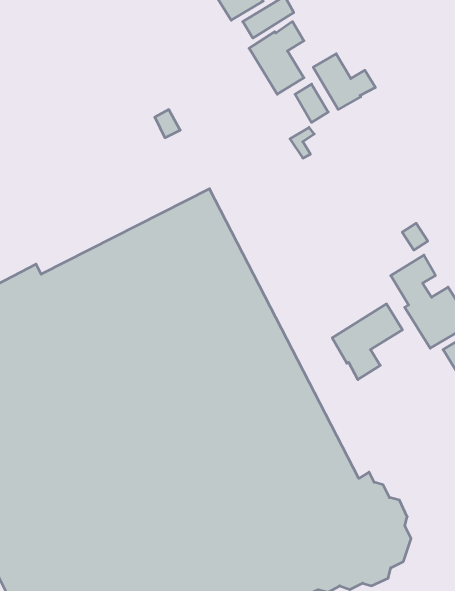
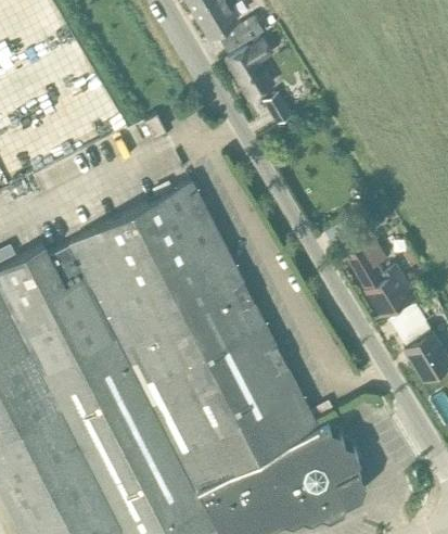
building: [313,54,375,109] -> none
building: [332,304,402,380] -> none

